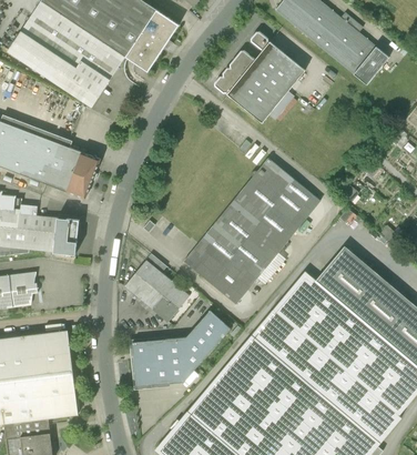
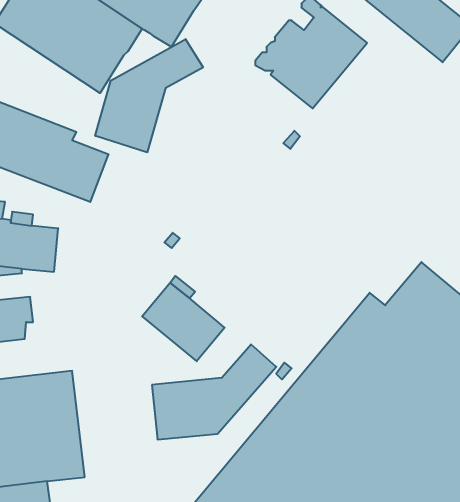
building: none -> [95,39,203,152]
building: [183,158,319,304] -> none
building: [54,218,81,254] -> none

